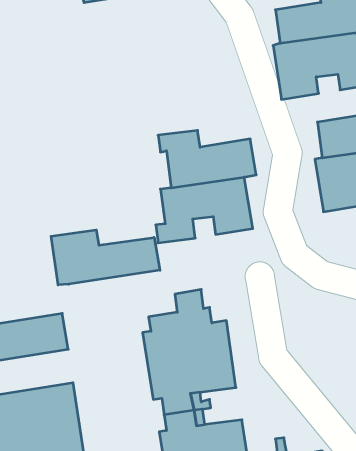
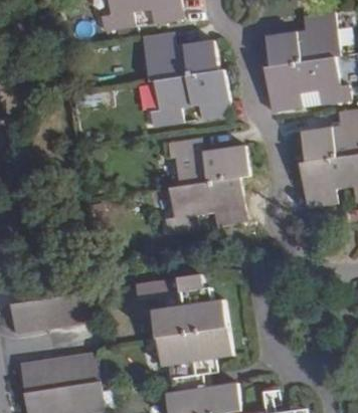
building: none -> [142,33,231,127]
building: [51,230,160,285] -> none

